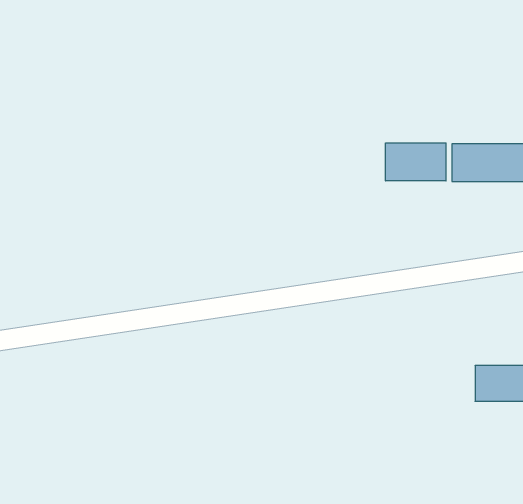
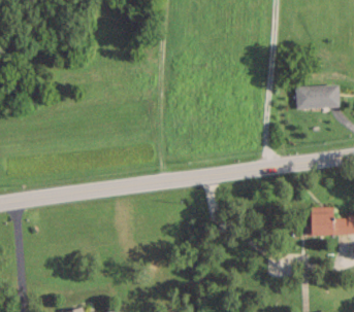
building: [386,143,446,181] -> none

